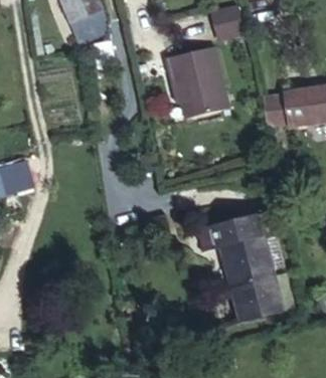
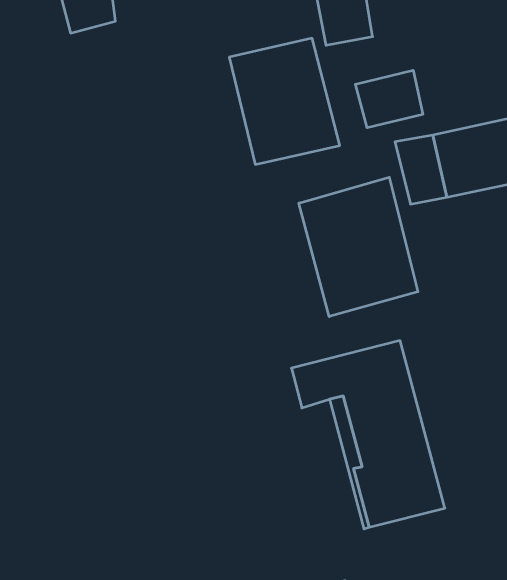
building: none -> [355,70,423,128]
building: none -> [299,177,418,317]

